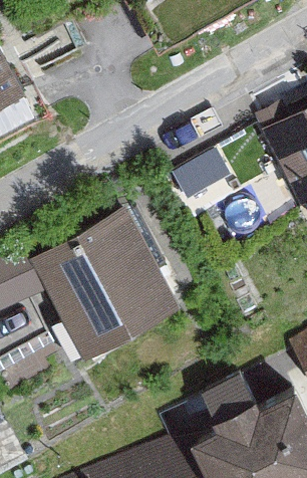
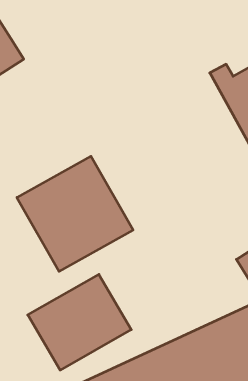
building: none -> [28,274,131,370]

